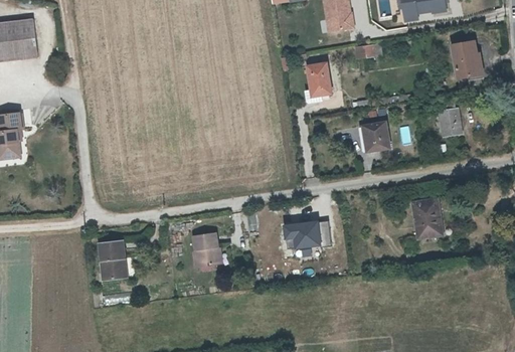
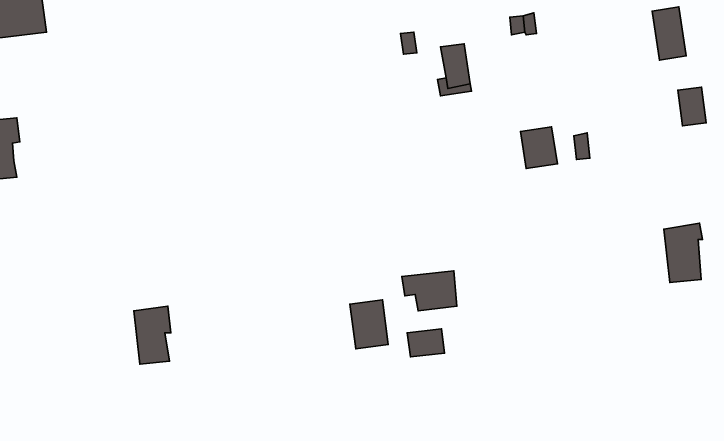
building: [440,111,459,137] -> [678,87,706,126]
building: [414,197,441,237] -> [664,223,702,282]
building: [195,235,221,269] -> [350,300,388,349]
building: none -> [407,329,445,357]

